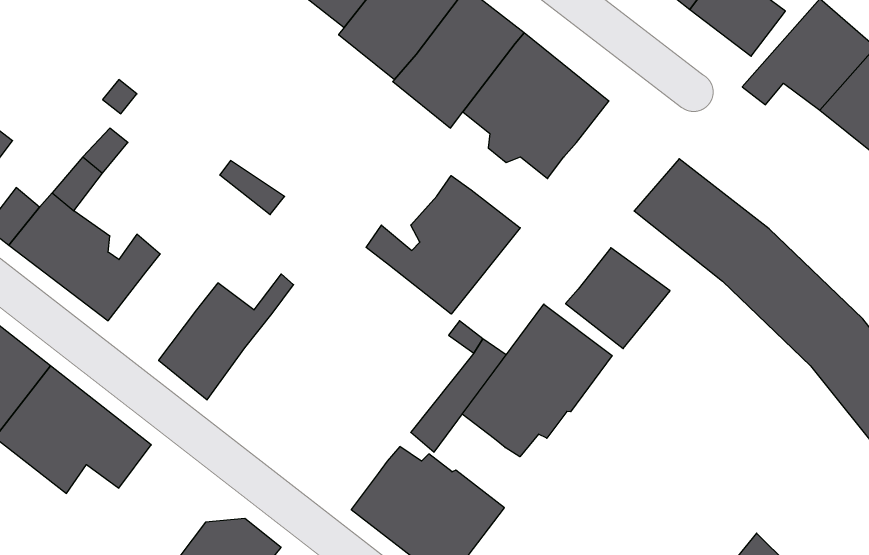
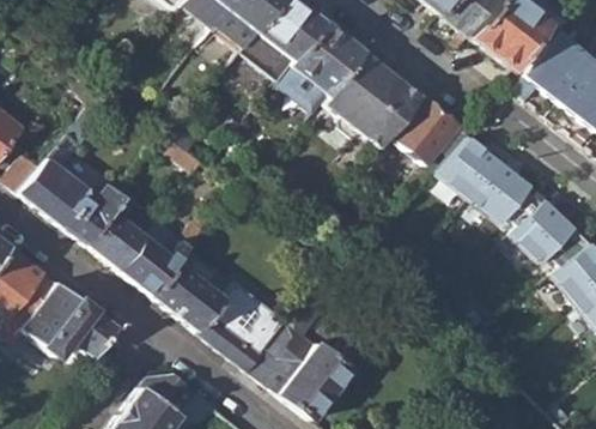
building: [366,176,520,314] -> none
building: [566,248,670,349] -> [390,97,460,164]
building: none -> [87,211,146,270]
building: [462,304,612,457] -> none
building: none -> [153,238,286,369]

